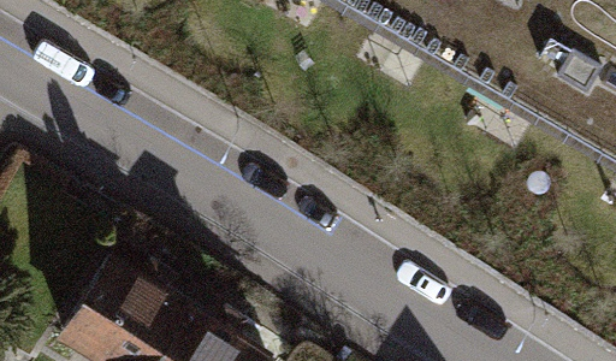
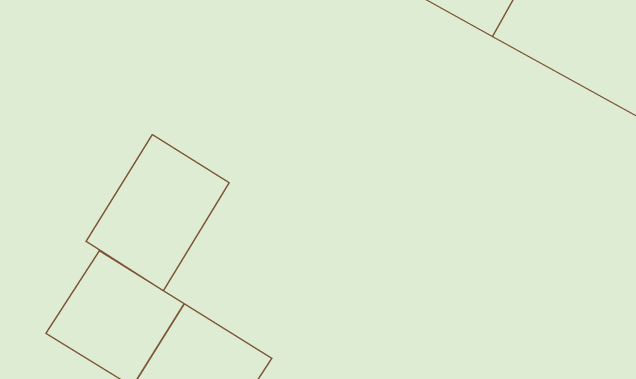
building: none -> [86,135,229,291]

